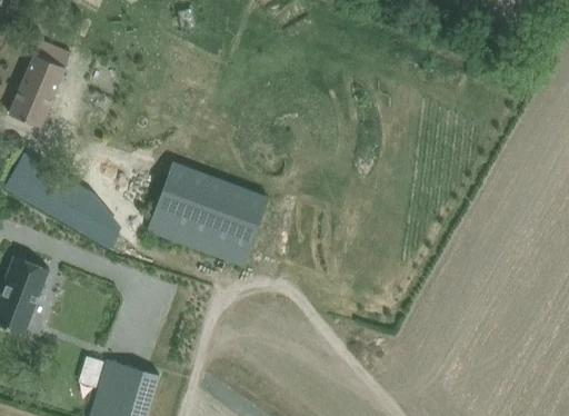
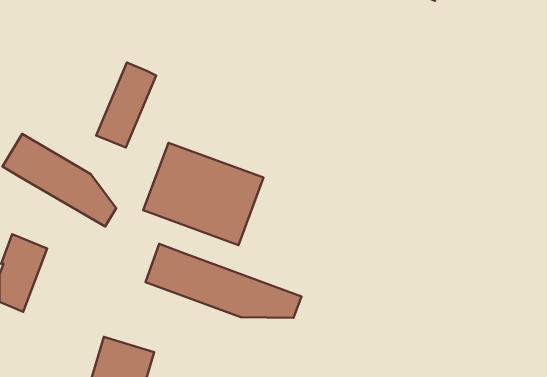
building: [9,41,70,128] -> [96,62,156,148]
building: none -> [146,244,301,318]

